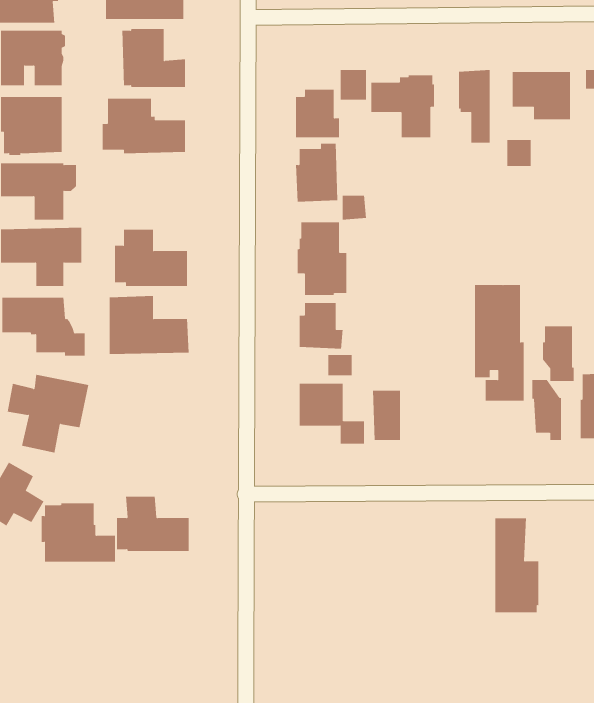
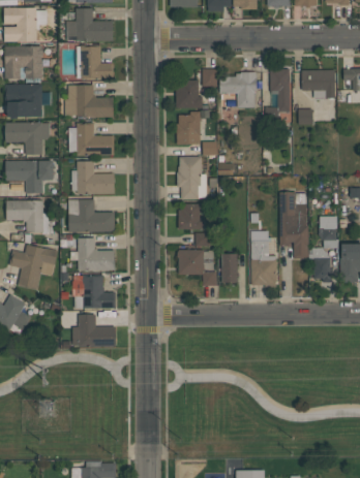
building: none -> [69,123,115,156]
building: none -> [70,238,115,270]
building: [41,503,116,562] -> [72,275,116,309]
building: [494,518,539,613] -> [251,231,277,286]

